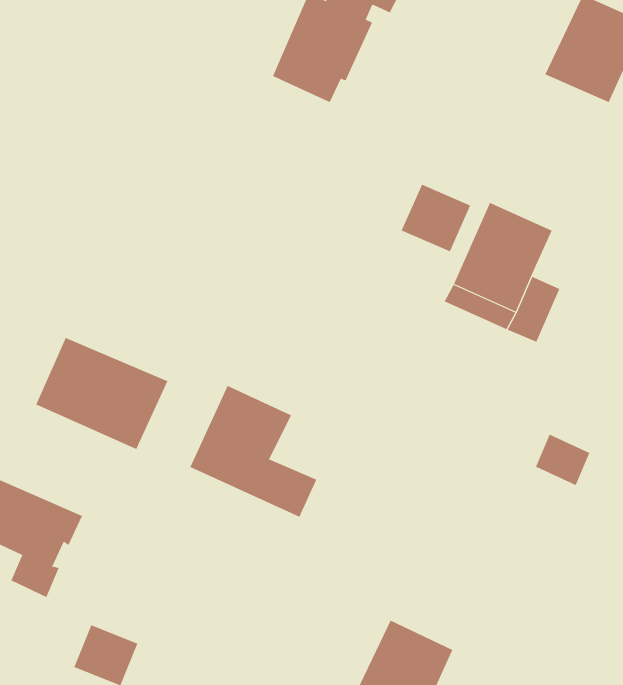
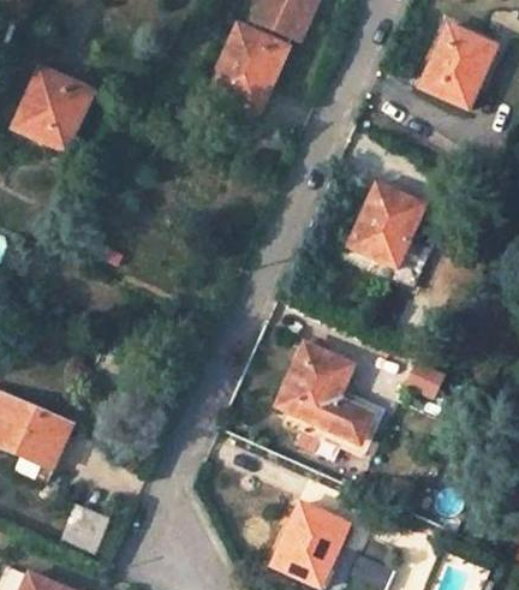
building: none -> [13,66,94,149]
building: [401,184,471,252] -> none
building: [35,337,168,450] -> none
building: [189,385,317,517] -> [275,341,372,442]

